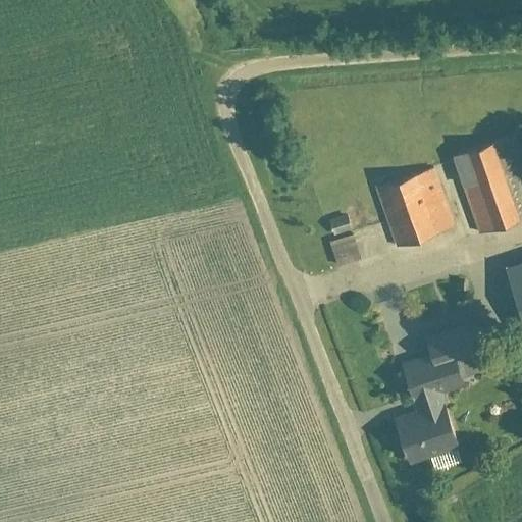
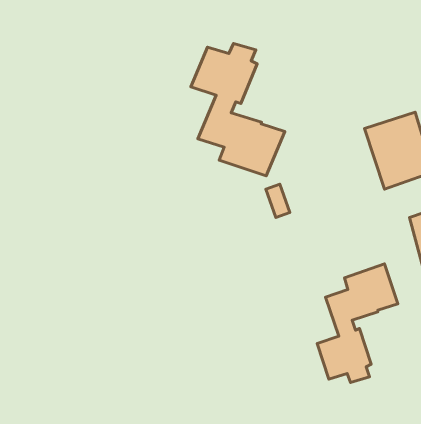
building: none -> [191,43,285,176]
building: [375,168,455,248] -> none

